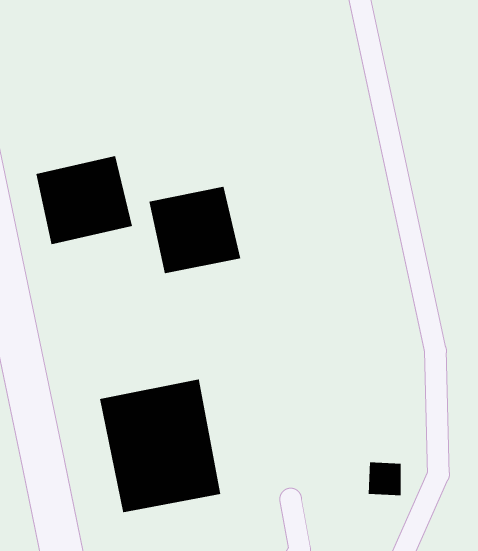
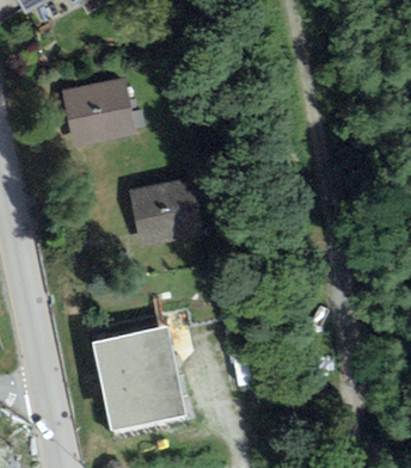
building: [36,155,133,245] -> [62,76,137,146]

